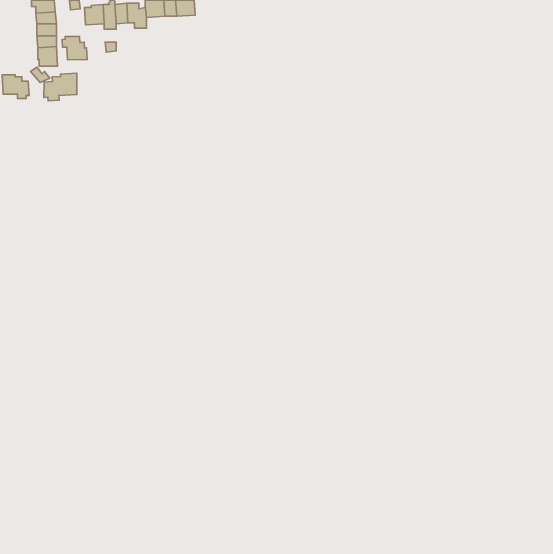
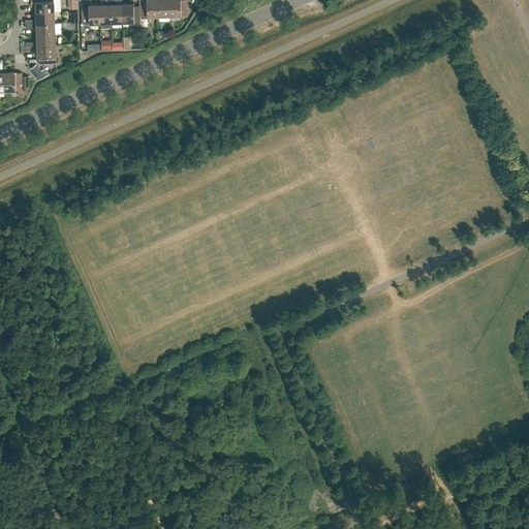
building: [62,36,87,60] -> none
building: [44,73,77,101] -> none

